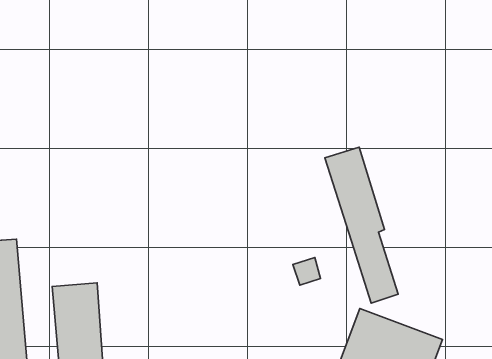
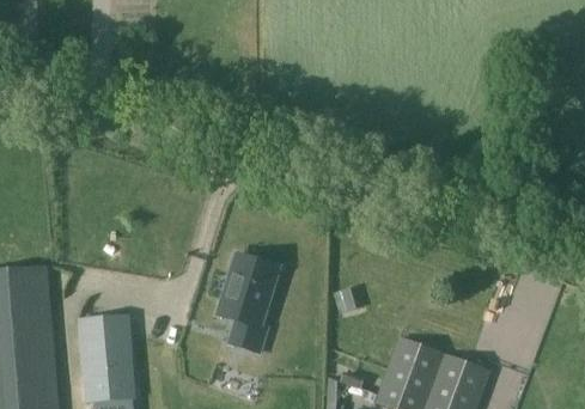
building: [325,147,398,303] -> none
building: none -> [218,260,278,355]

